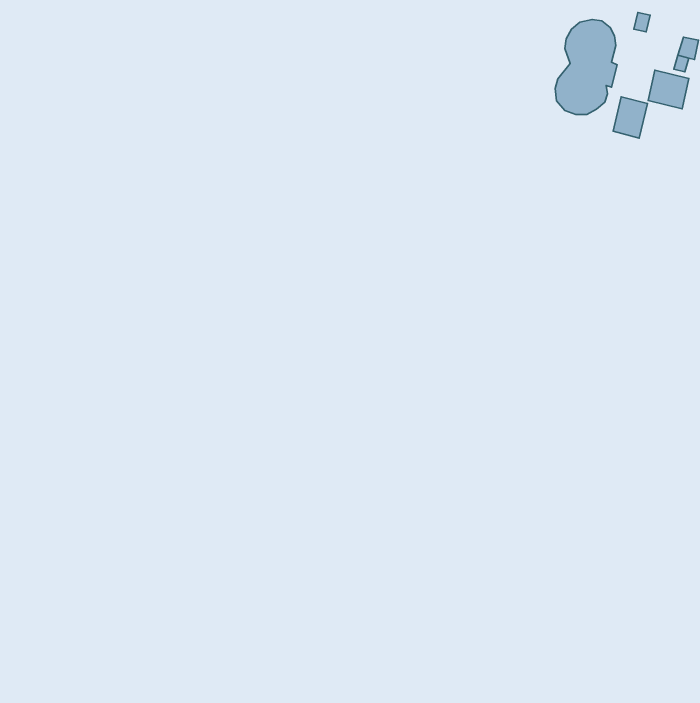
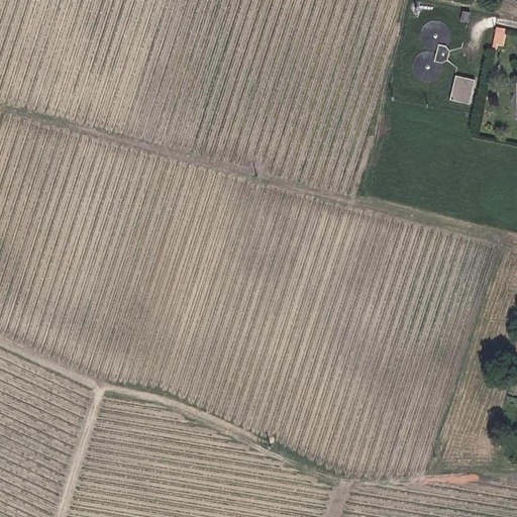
building: [648,70,689,109] -> none

